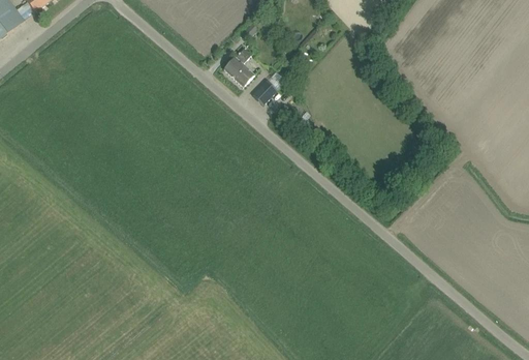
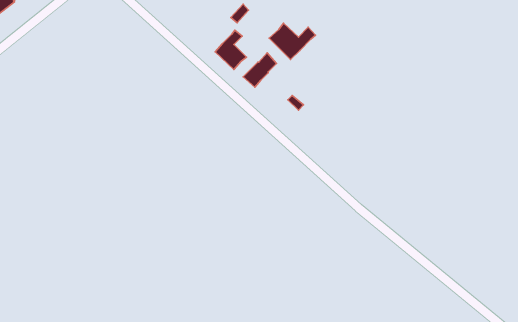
building: none -> [269,23,316,59]

